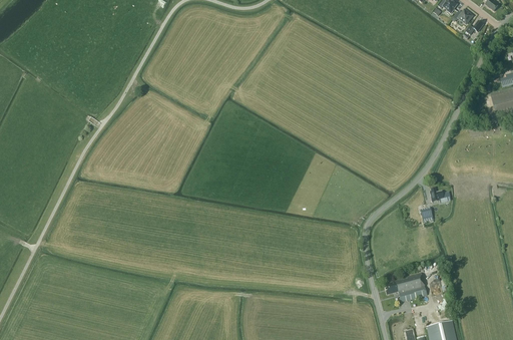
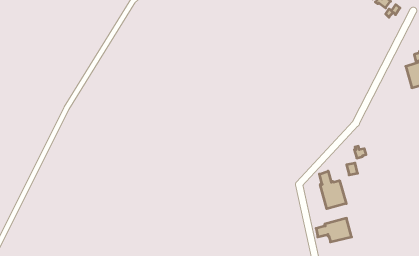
building: none -> [319,171,346,209]

